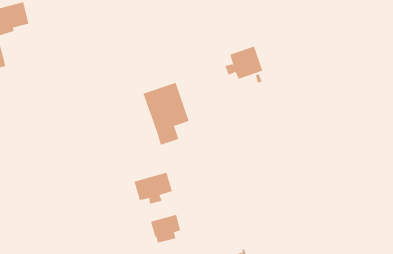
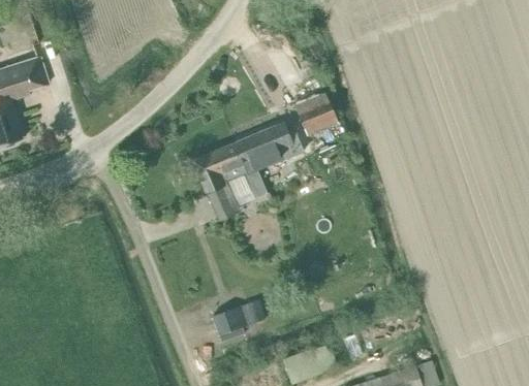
building: none -> [232,119,304,197]
building: [134,172,172,205] -> none

